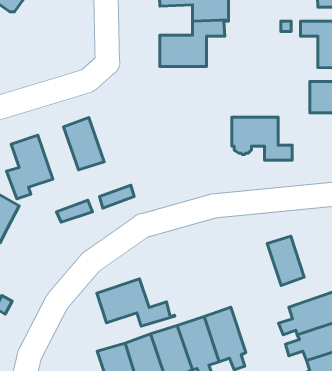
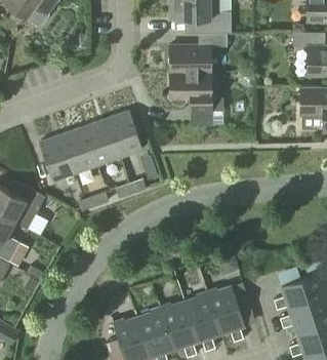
building: none -> [107,111,142,158]
building: [232,117,292,160] -> [169,74,222,112]
building: none -> [62,127,97,173]
building: [267,236,304,285] -> none
building: [97,279,175,326] -> none

